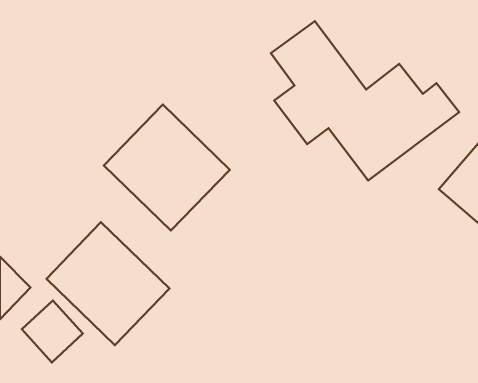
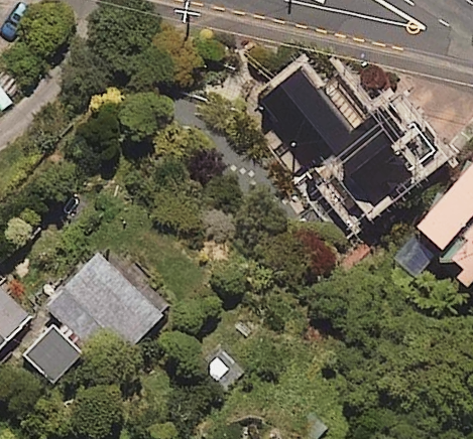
building: [104,105,230,231] -> none

